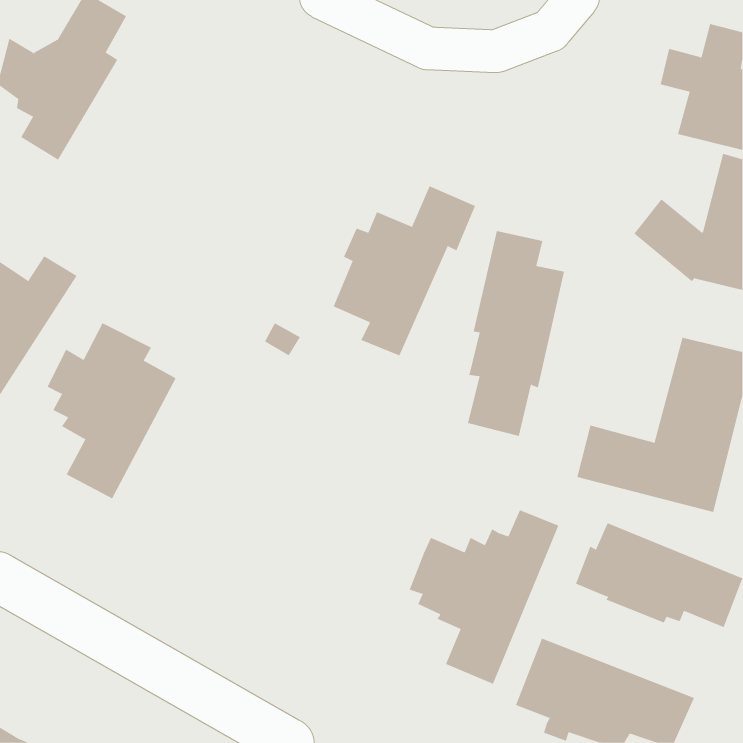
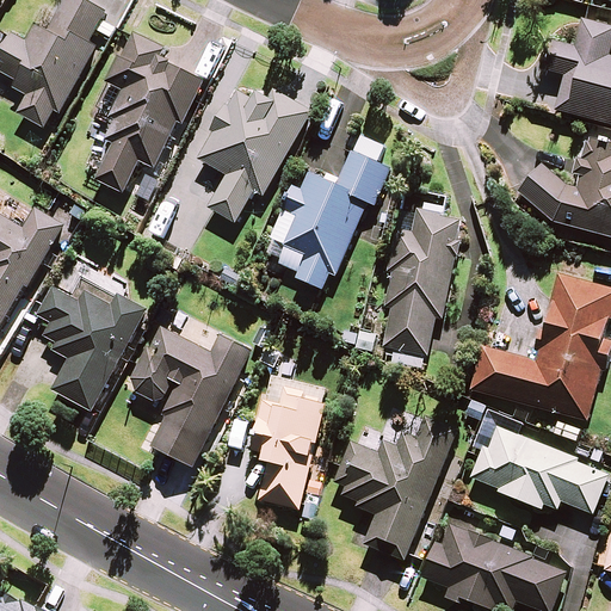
building: none -> [94,32,200,193]
building: none -> [196,91,310,223]
building: none -> [131,326,251,467]
building: none -> [251,351,327,510]

